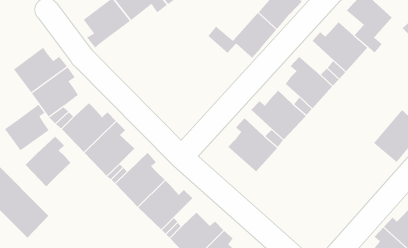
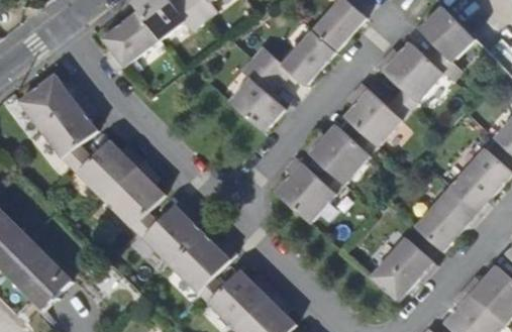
building: none -> [230,59,286,132]
building: [4,104,50,151] -> none
building: [25,136,71,187] -> none
building: none -> [416,187,480,250]
building: none -> [372,236,435,301]

